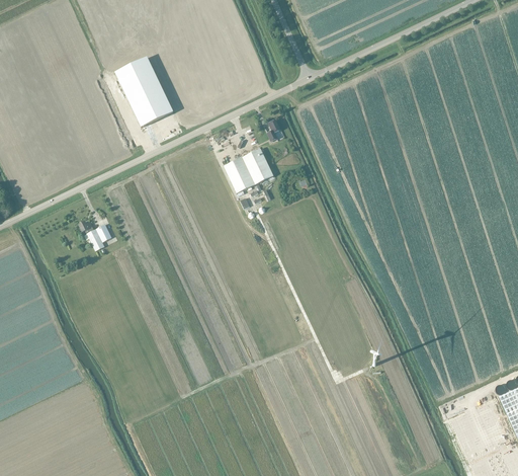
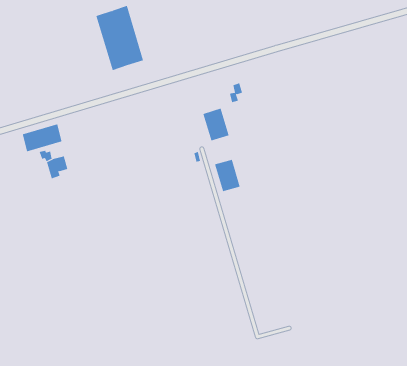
building: [226,156,257,191] -> [214,159,241,192]
building: none -> [22,124,62,152]

